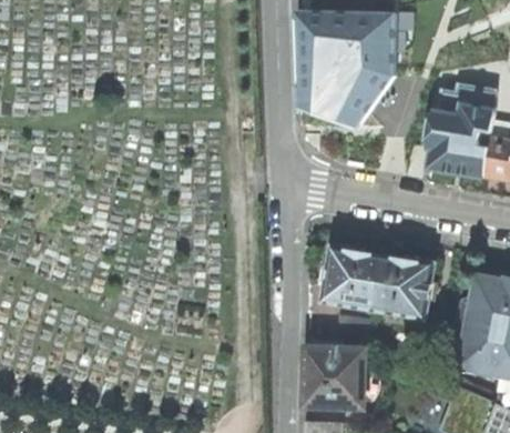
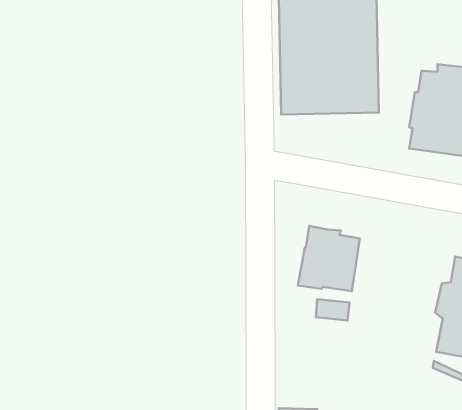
building: [374,253,432,316] -> none
building: [303,346,363,407] -> none

